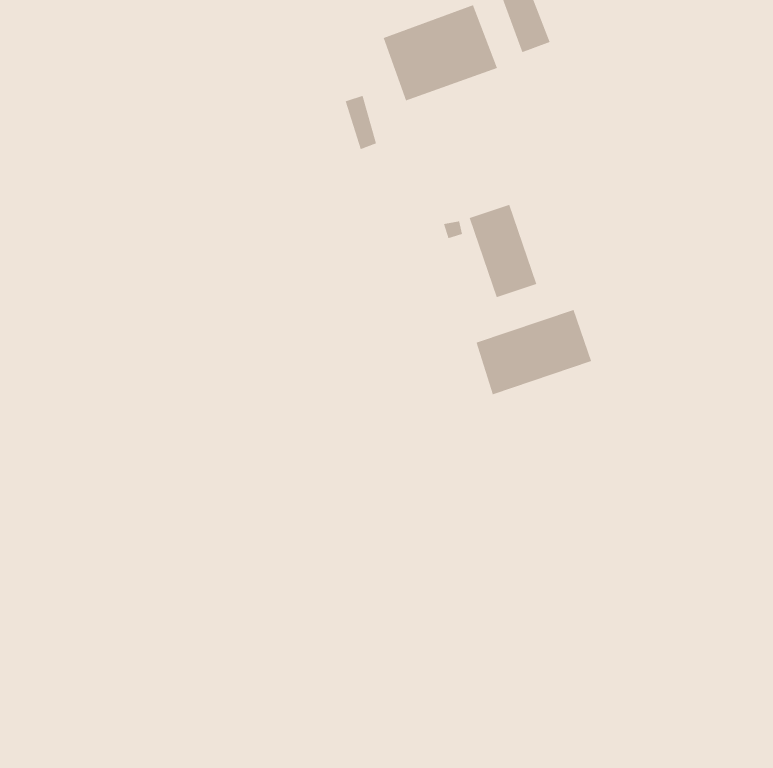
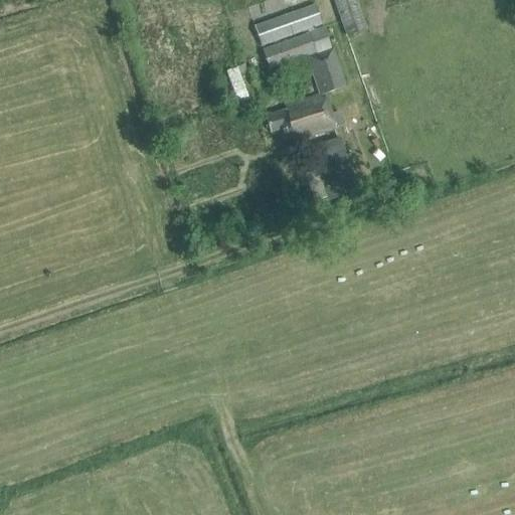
building: none -> [265,46,345,140]
building: [476,309,592,395] -> none

